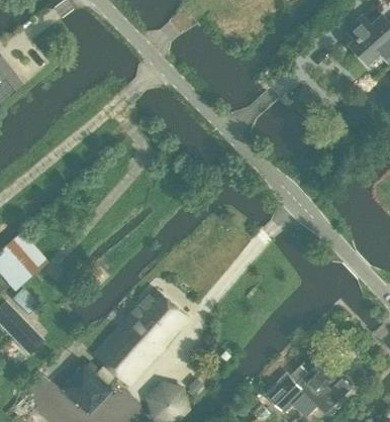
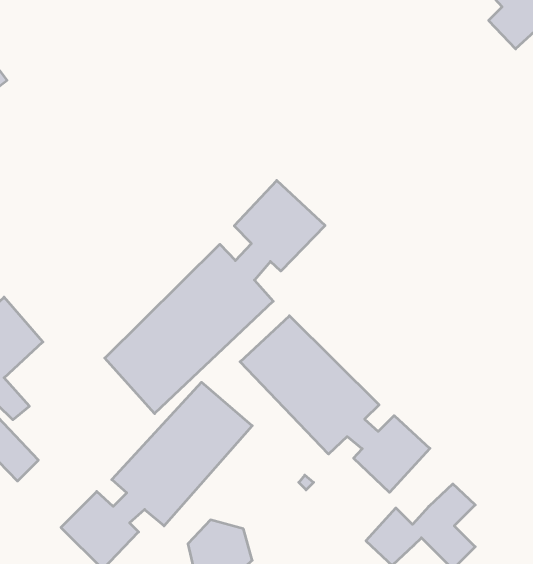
building: none -> [105,180,325,414]
building: none -> [240,316,430,492]

